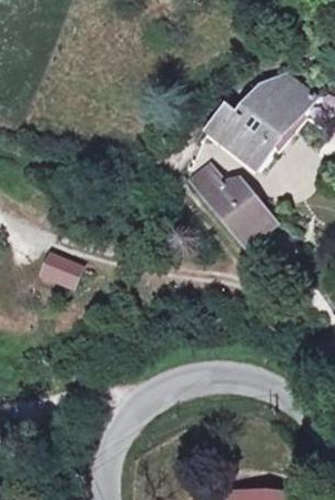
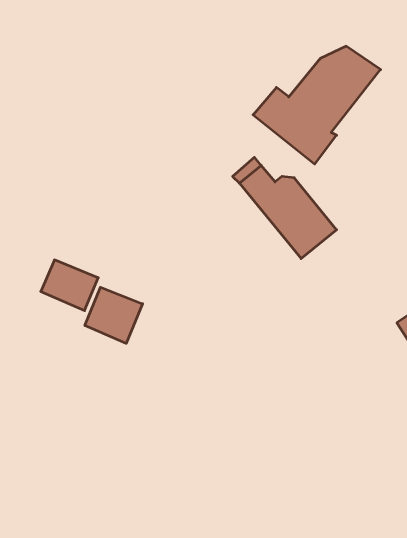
building: none -> [85,287,143,343]

